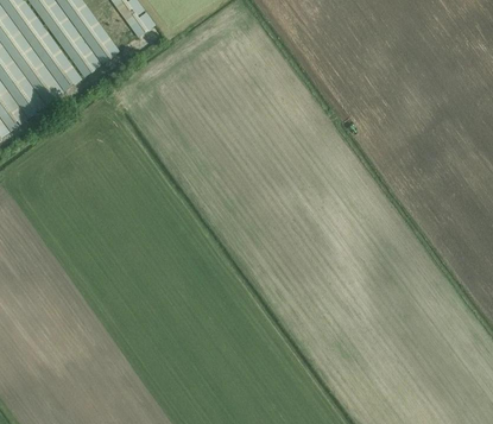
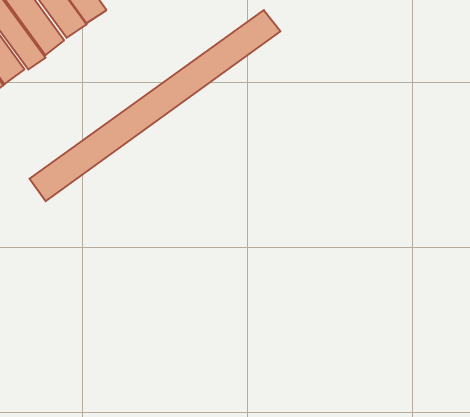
building: none -> [29,10,280,201]

